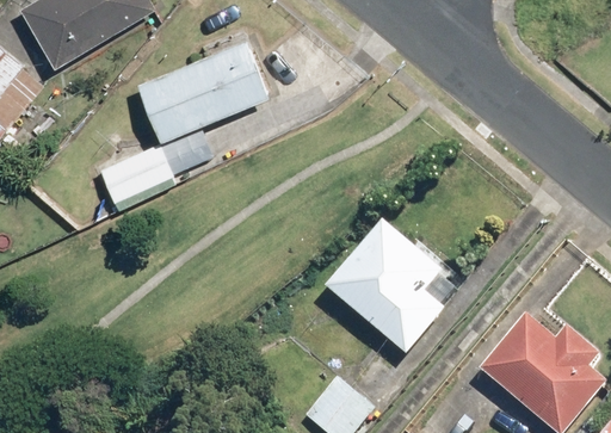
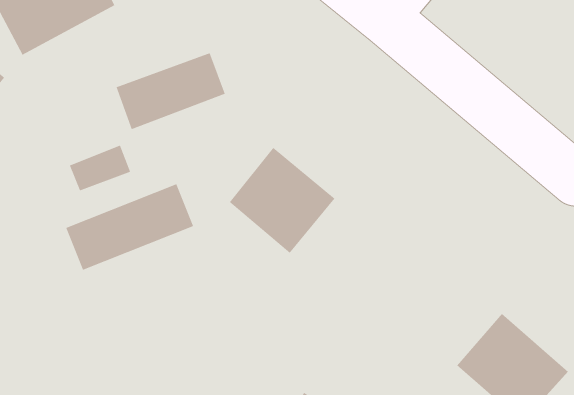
building: none -> [65,183,194,271]
building: [339,239,445,345] -> [229,147,336,254]

